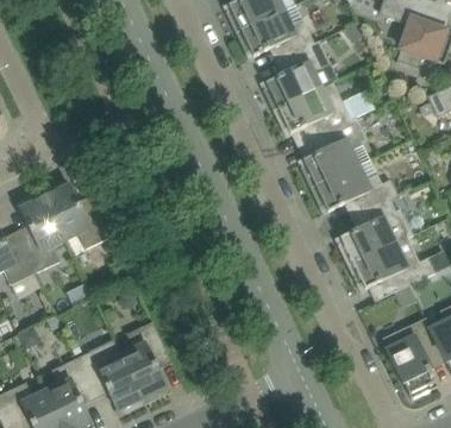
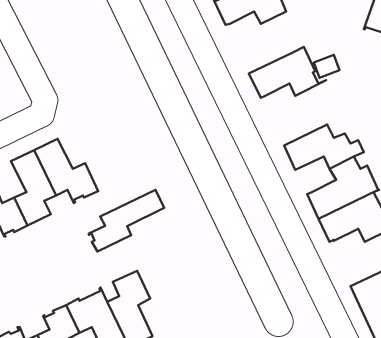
building: [261,39,331,108] -> none
building: [297,115,363,185] -> none
building: none -> [89,190,164,251]

